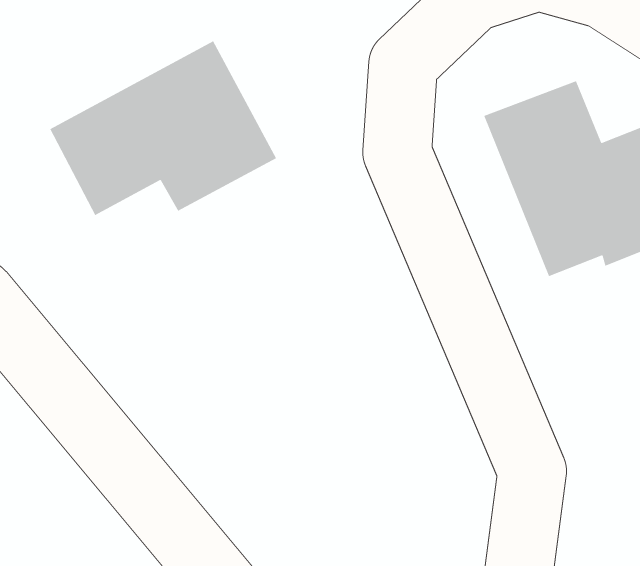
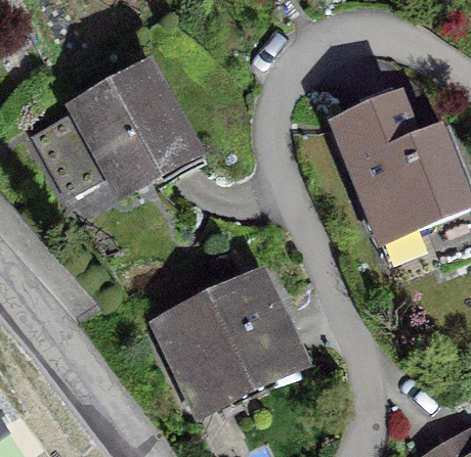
building: none -> [163,277,299,405]

